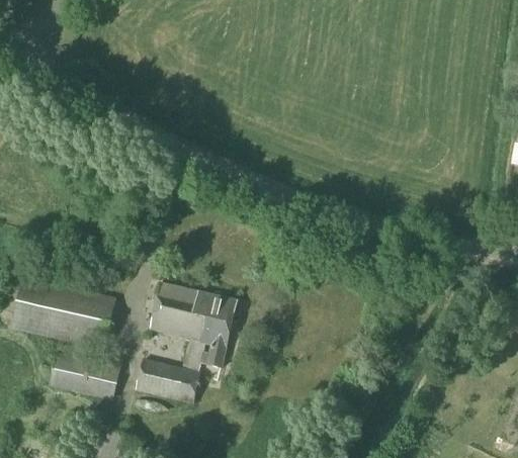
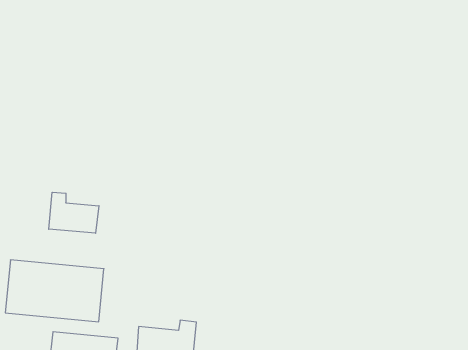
building: none -> [49,192,99,233]
building: [151,282,237,366] -> none

